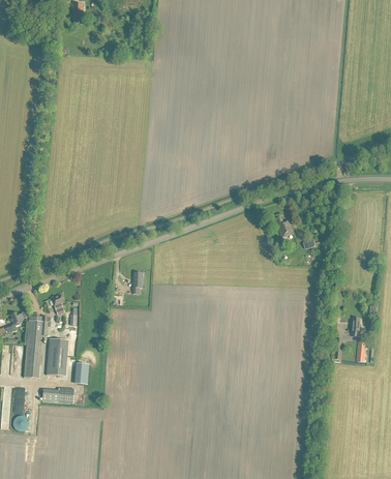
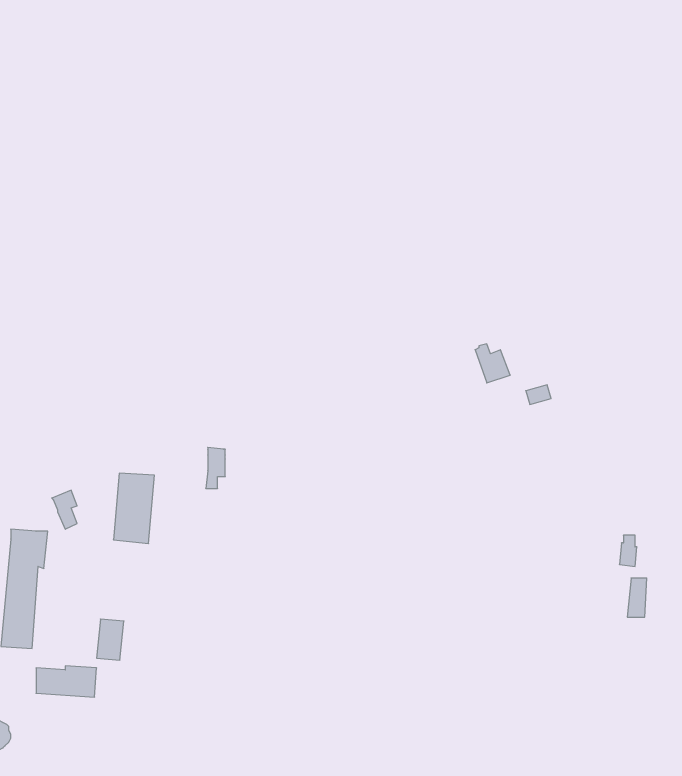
building: [46,338,67,376] -> [113,473,154,544]

